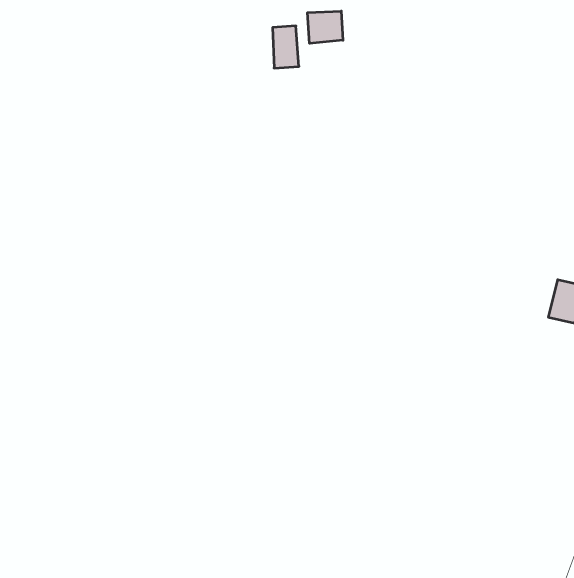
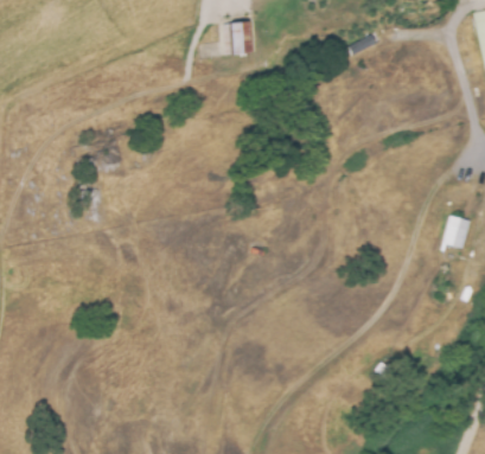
building: [308,11,343,43] -> none

